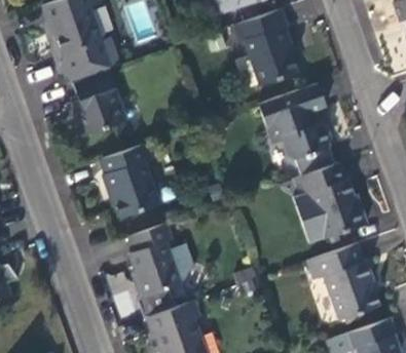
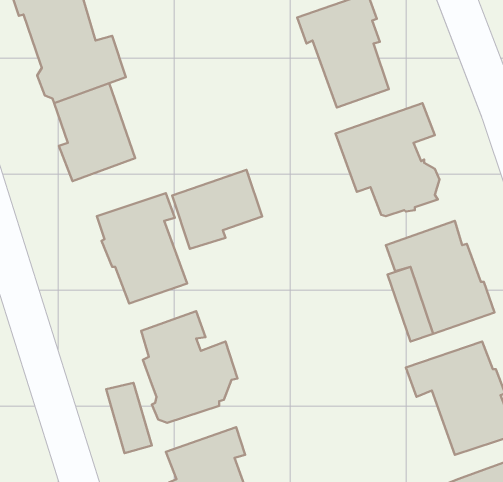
building: none -> [172,170,262,249]

